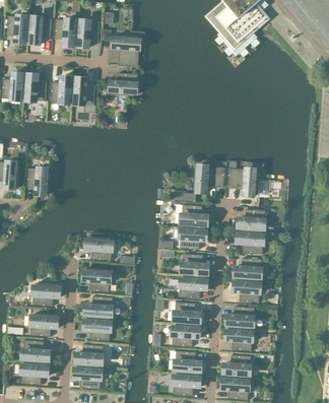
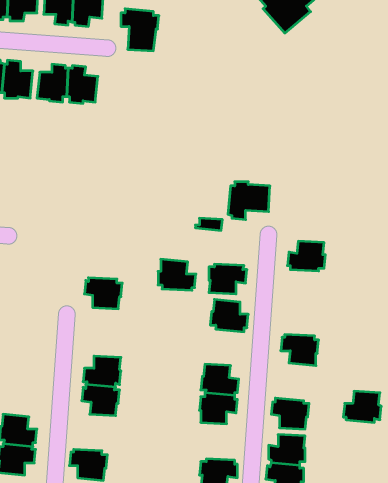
building: [110,71,138,94] -> none
building: [26,165,50,194] -> none
building: [227,166,258,195] -> none
building: [180,203,208,226] -> [158,259,196,290]
building: [237,229,265,253] -> none
building: [234,256,262,279] -> none
building: [83,267,112,290] -> none
building: [179,274,207,297] -> none
building: [31,281,60,305] -> none
building: [226,305,255,328] -> [343,391,381,422]
building: [29,312,58,335] -> none
building: [75,342,104,365] -> none
building: [173,349,201,373] -> none

